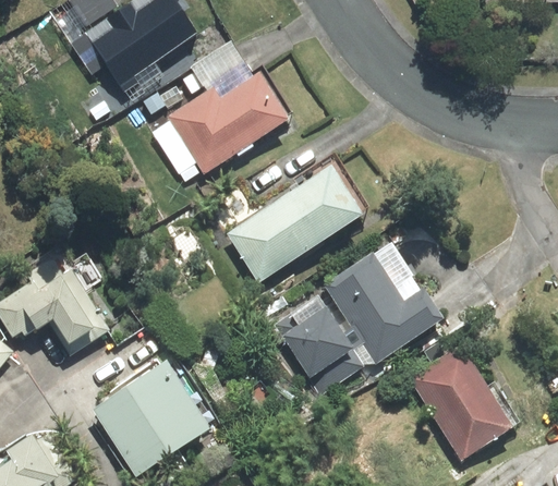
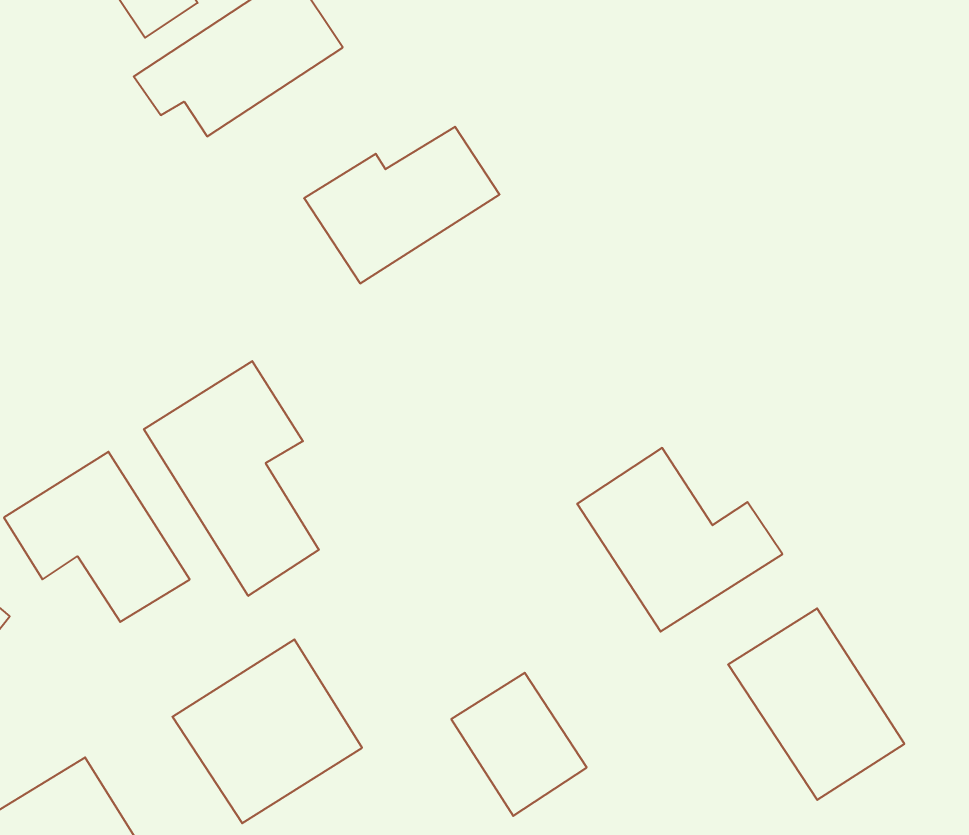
building: [231,171,362,279] -> none
building: none -> [144,361,319,596]
building: [284,312,361,392] -> [451,673,587,816]

